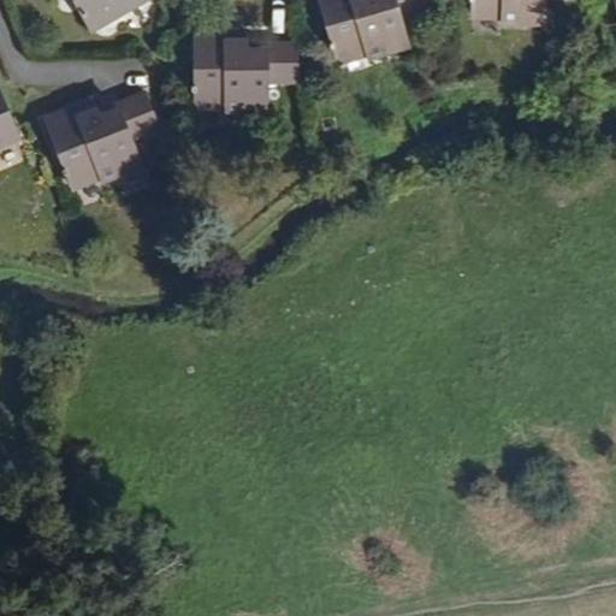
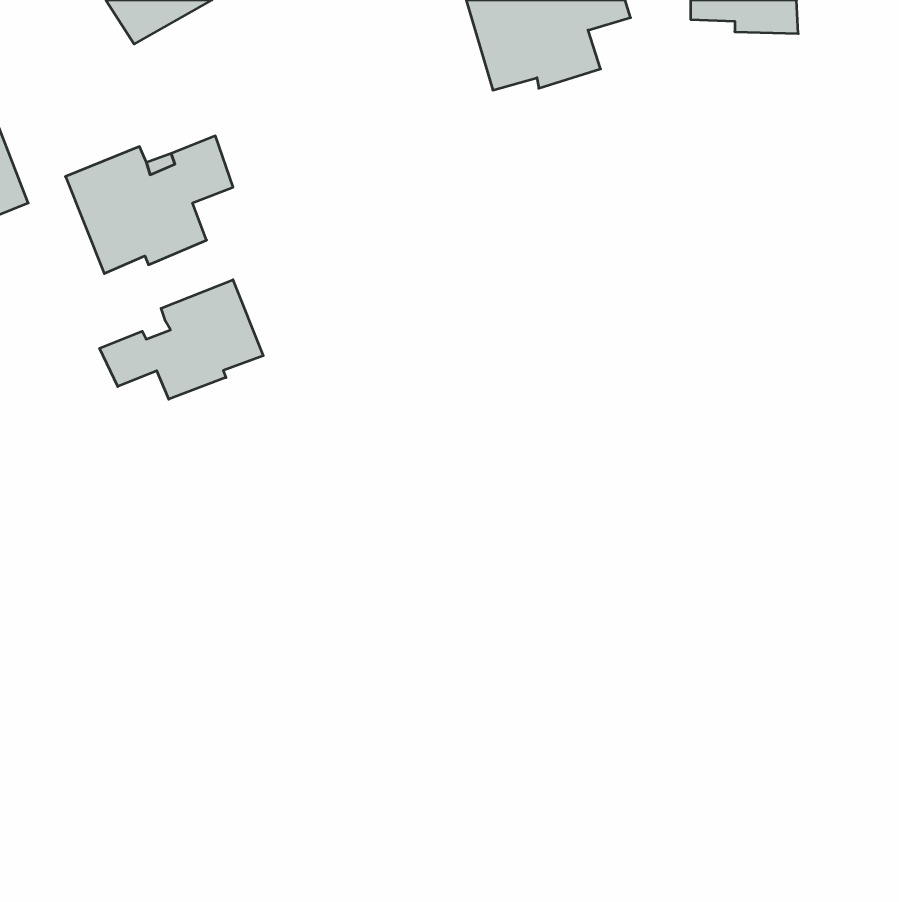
building: [194,32,297,111] -> none
building: none -> [100,280,263,399]

